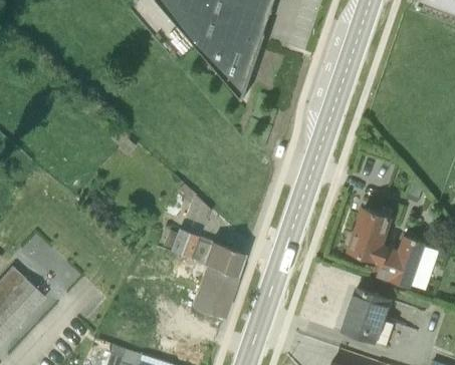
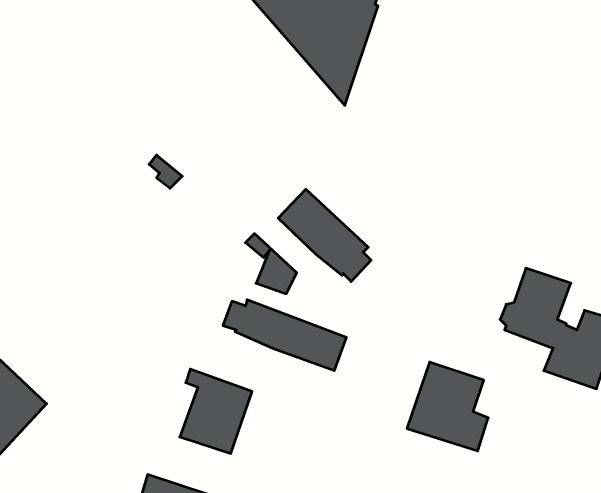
building: none -> [278,189,371,282]
building: [189,261,237,317] -> [180,369,252,453]
building: [340,287,395,346] -> [407,362,488,451]

